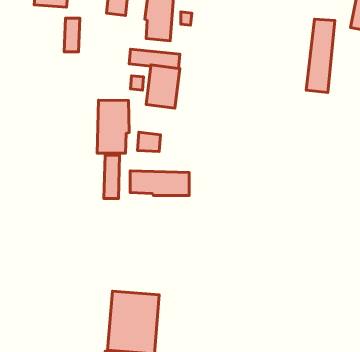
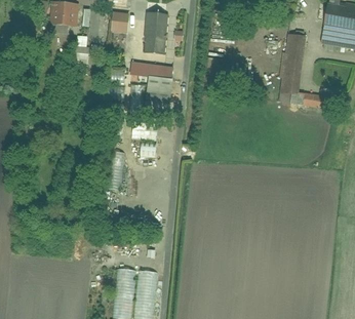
building: [97,100,129,153] -> none
building: [130,171,189,196] -> none

